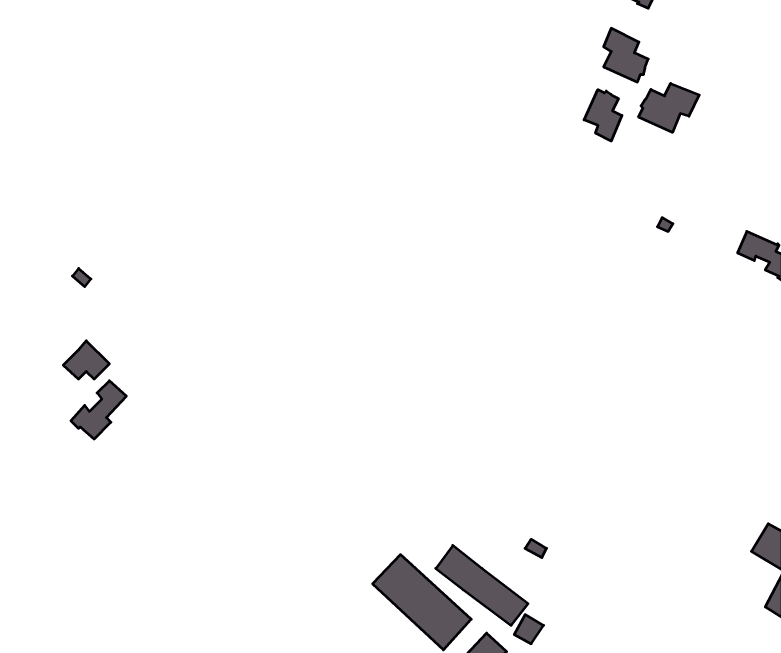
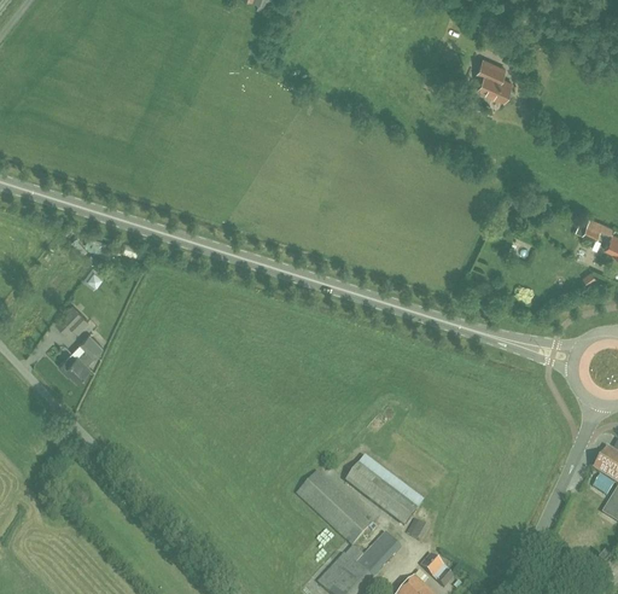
building: [639,83,699,132] -> none
building: [584,90,622,141] -> none

